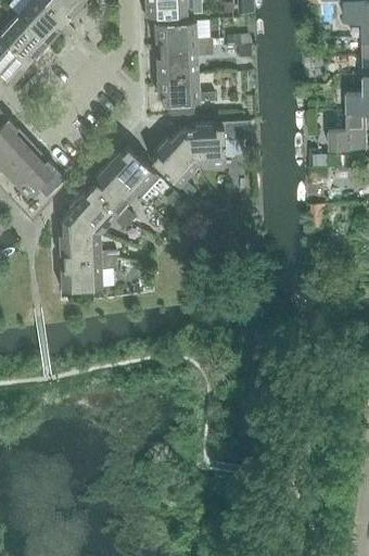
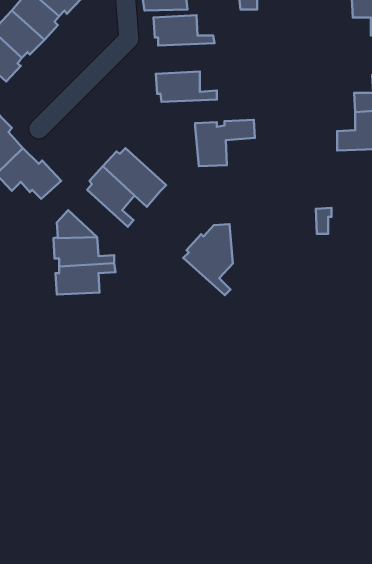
building: [155,46,213,75] -> none
building: [150,126,198,194] -> [183,224,233,295]
building: [68,187,129,232] -> none

